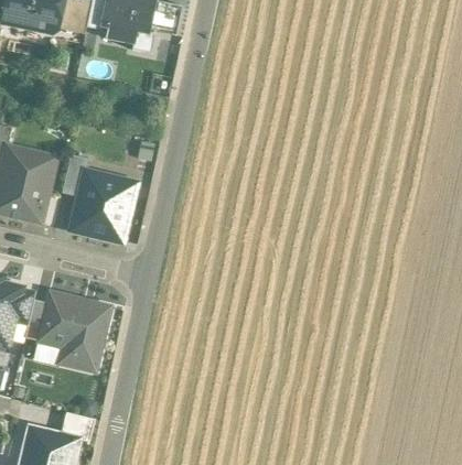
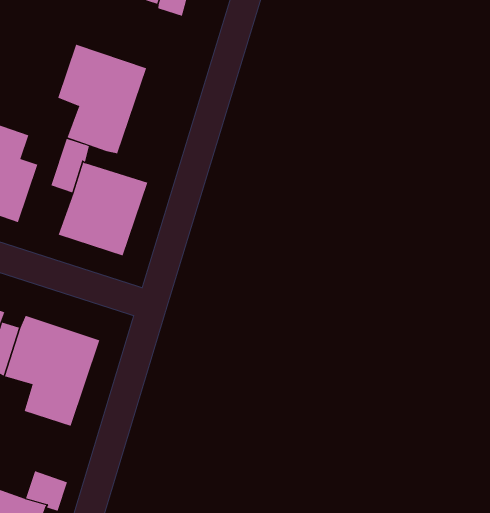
building: none -> [57,44,147,154]

